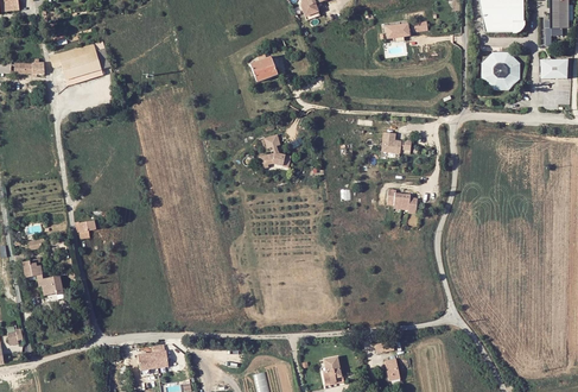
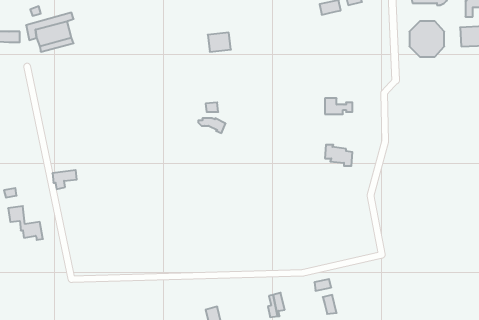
building: [136,343,167,373] -> none

